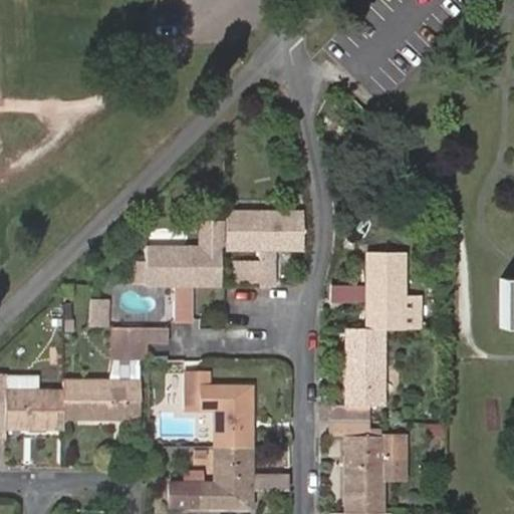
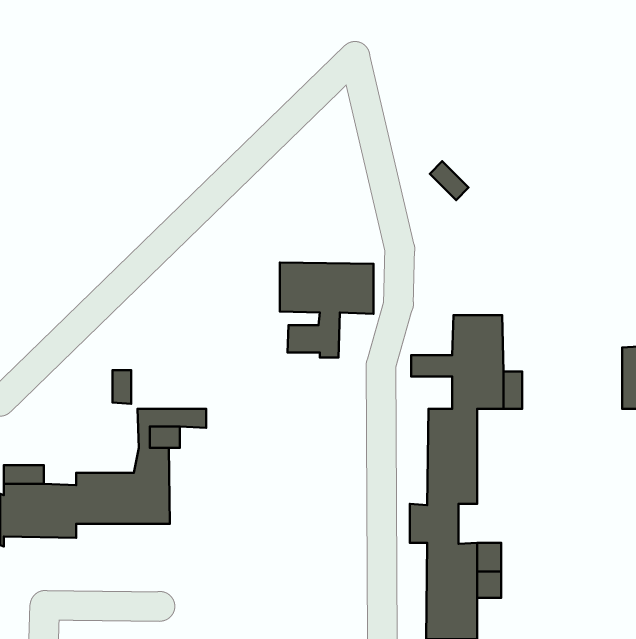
building: [137,222,221,323] -> none
building: [168,369,289,509] -> none

